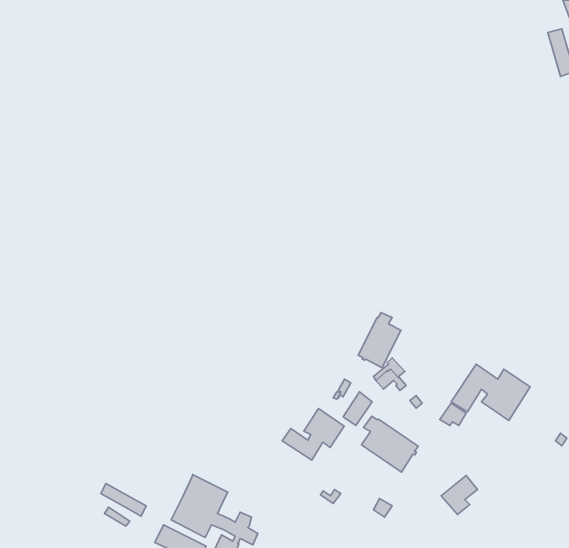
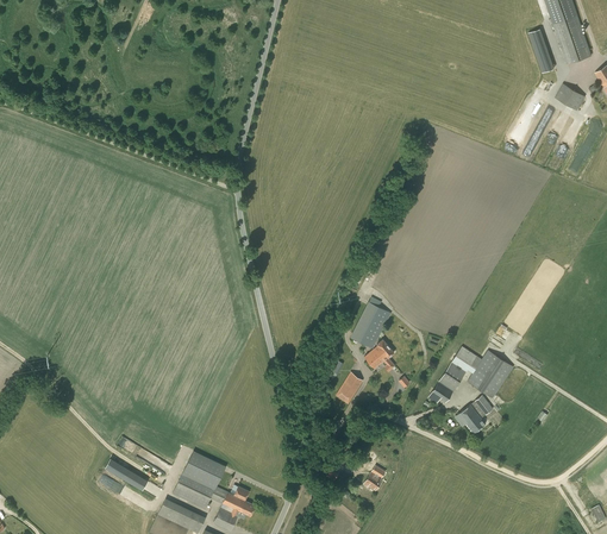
building: [282,408,344,460] -> none
building: [362,416,418,472] -> none
building: [441,476,477,515] -> [458,396,493,433]

